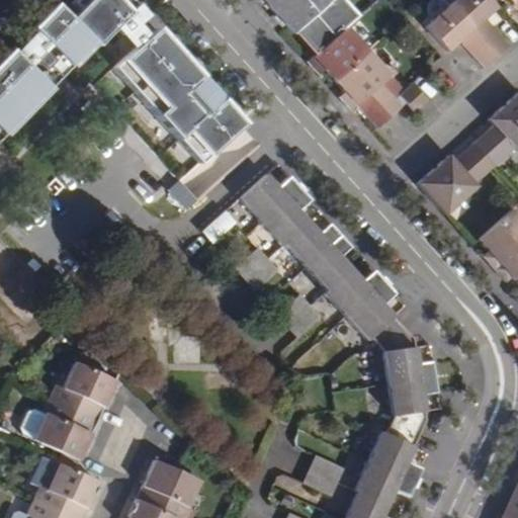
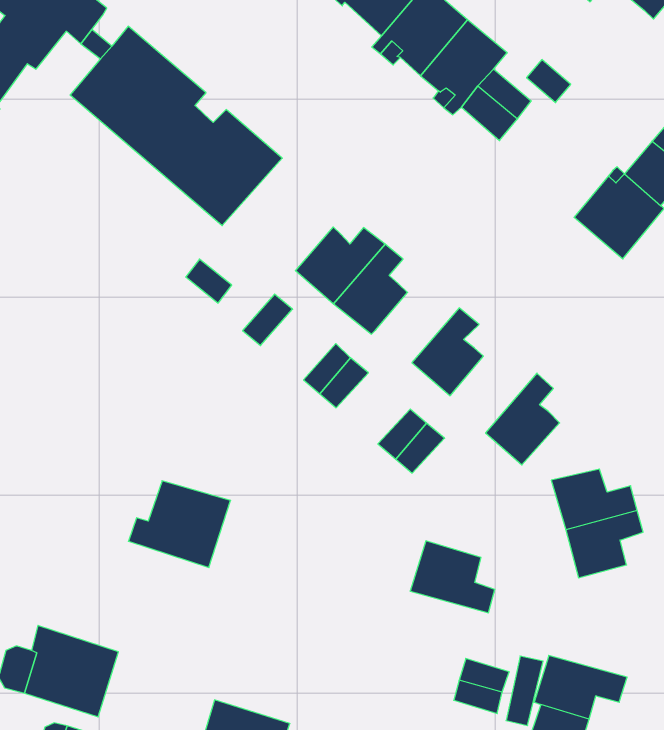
building: [286,219,341,263] -> none
building: [325,265,384,314] -> none
building: [49,362,116,421] -> [128,481,231,568]
building: [368,429,422,480] -> [410,541,495,613]

